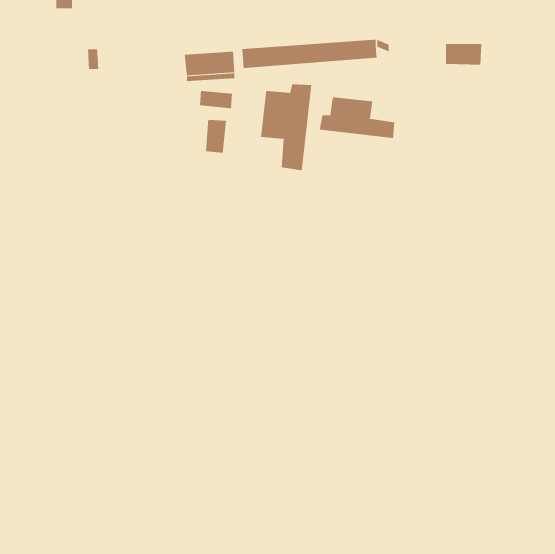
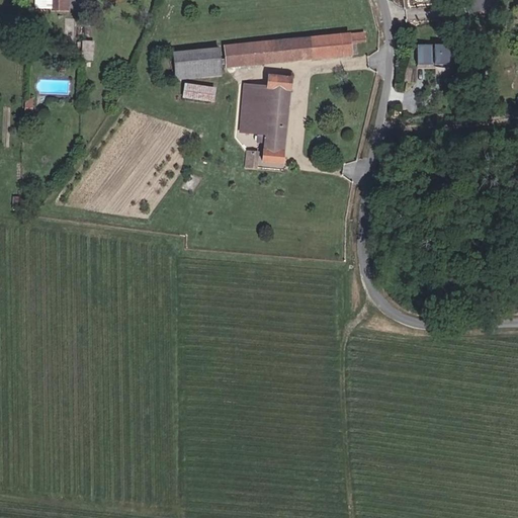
building: [319,96,395,139] -> none
building: [206,119,227,154] -> none

